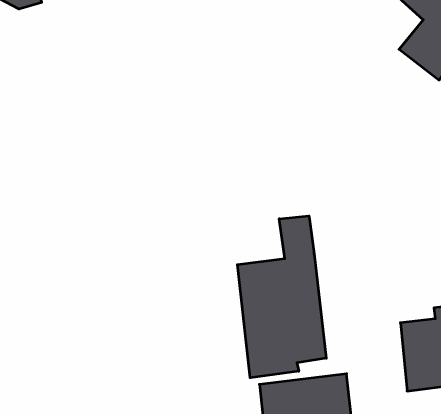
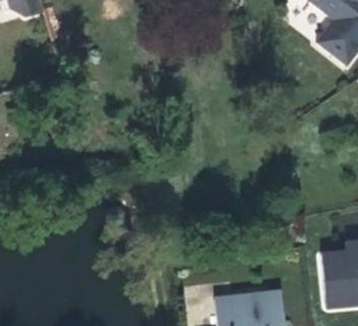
building: [237,216,326,378] -> none

